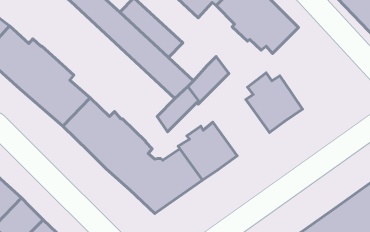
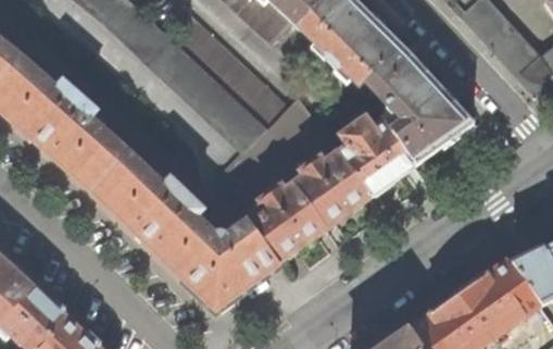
building: none -> [373,53,472,163]
building: none -> [232,74,285,125]
building: none -> [292,150,368,226]

